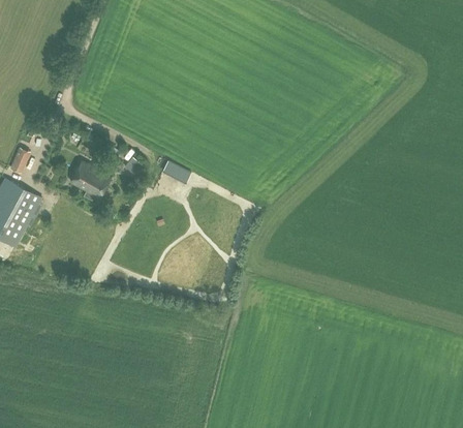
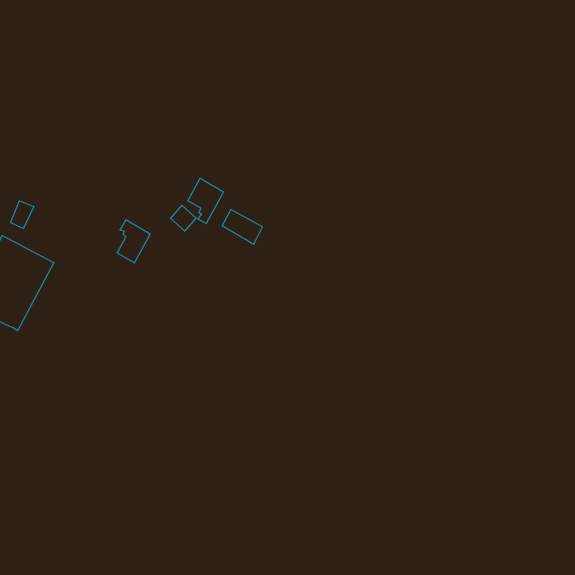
building: none -> [188,178,223,224]
building: [69,162,92,191] -> none

